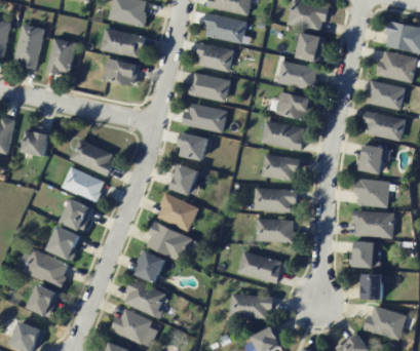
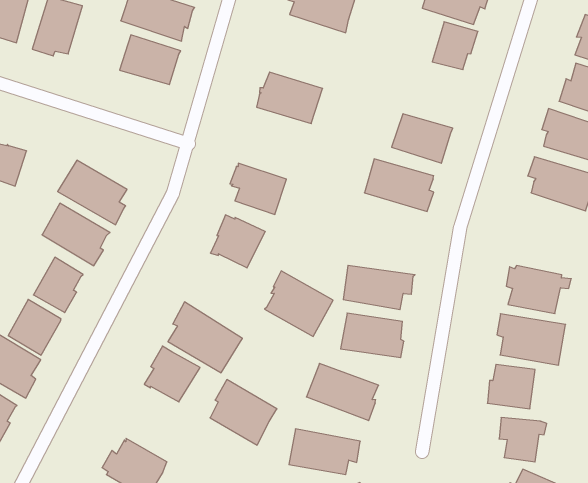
building: [197,42,233,71] -> none
building: [277,60,316,89] -> none
building: [183,102,228,132] -> none
building: [356,144,390,172] -> none
building: [261,153,299,180] -> none
building: [157,192,199,231] -> [265,271,333,336]
building: [125,278,166,317] -> [210,380,277,445]

